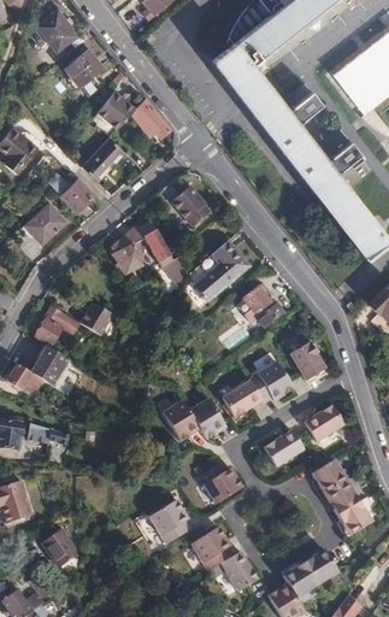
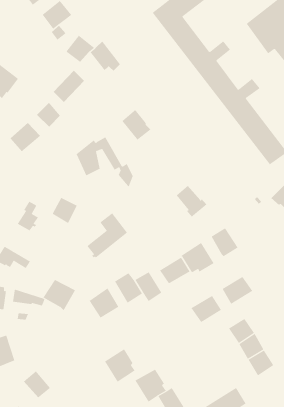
building: [195,240,249,300] -> [87,212,128,258]
building: [30,348,73,390] -> [43,279,76,311]
building: none -> [89,287,119,318]
building: [198,462,242,504] -> none

